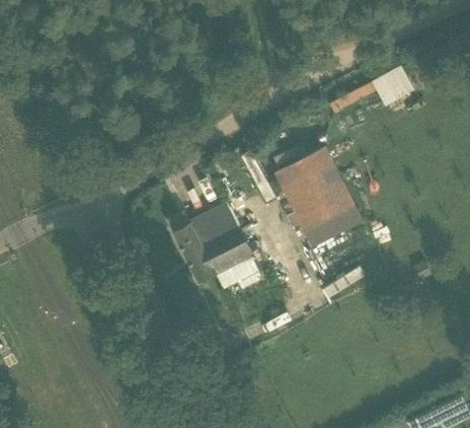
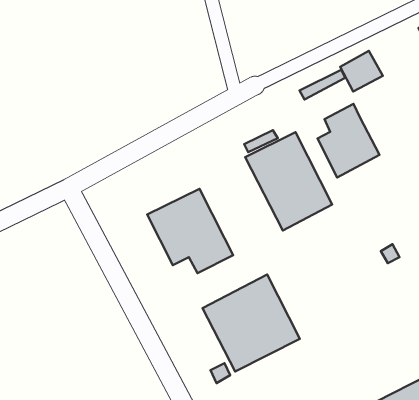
building: none -> [317,104,380,177]
building: none -> [203,274,300,371]

